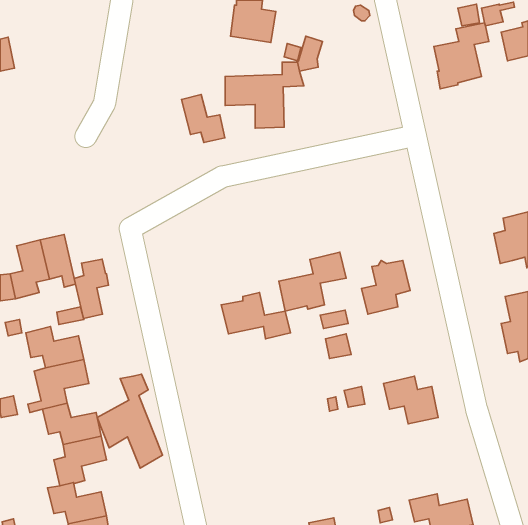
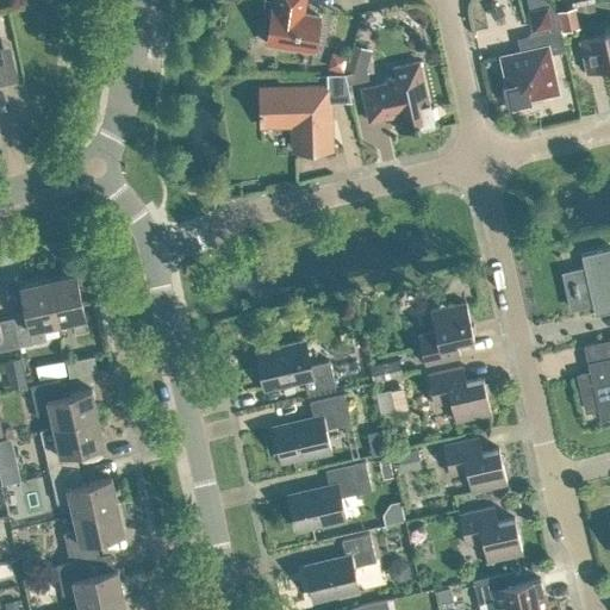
building: none -> [360,62,431,131]
building: [181,94,225,142] -> none
building: [279,252,346,311] -> [273,394,350,462]
building: [74,259,108,319] -> none
building: none -> [427,368,490,422]
building: [97,374,162,468] -> none
building: none -> [288,462,371,530]
building: none -> [458,508,522,562]
building: none -> [305,535,375,600]

